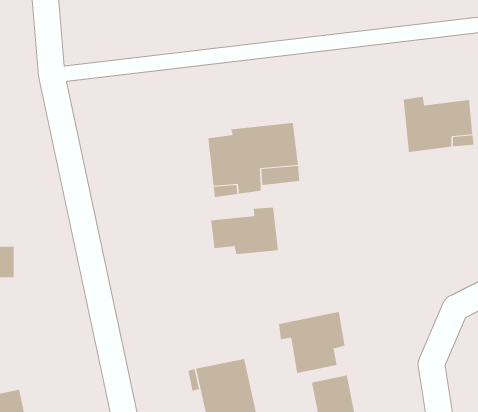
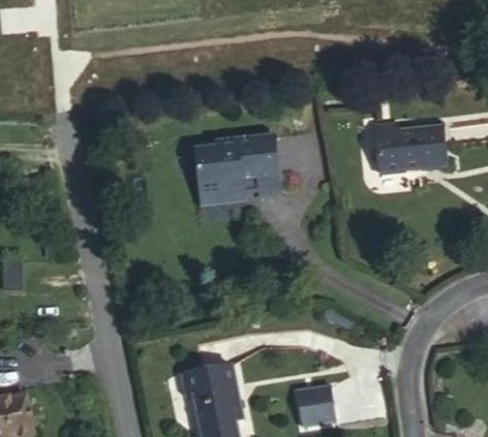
building: [210,207,278,255] -> none
building: [279,311,345,374] -> none

